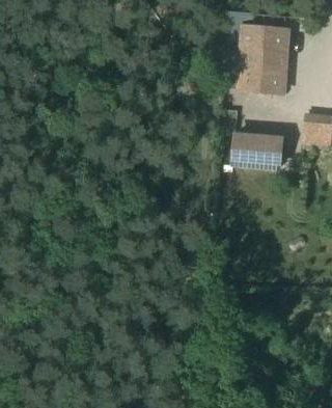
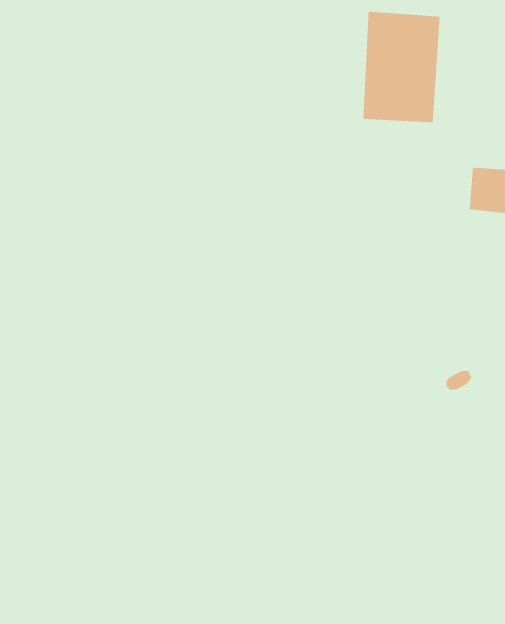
building: [236,136,284,168] -> none

